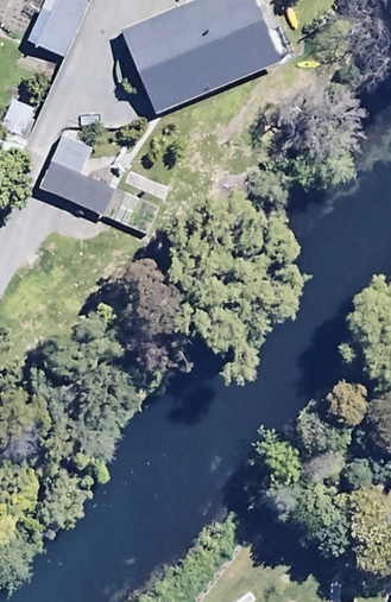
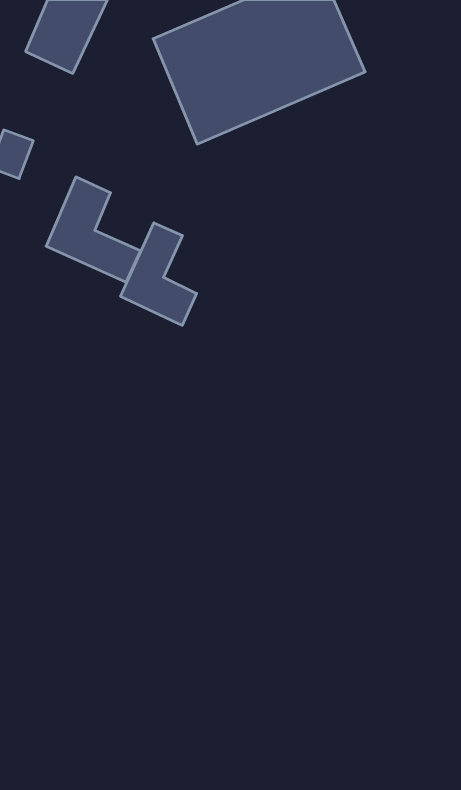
building: none -> [121,223,197,325]

